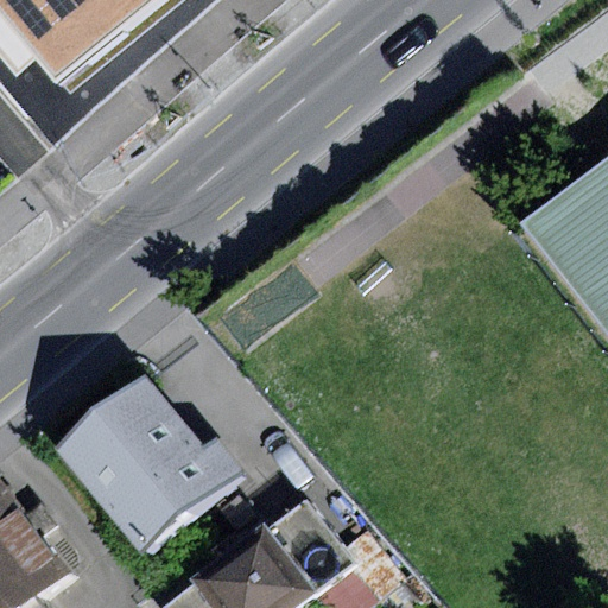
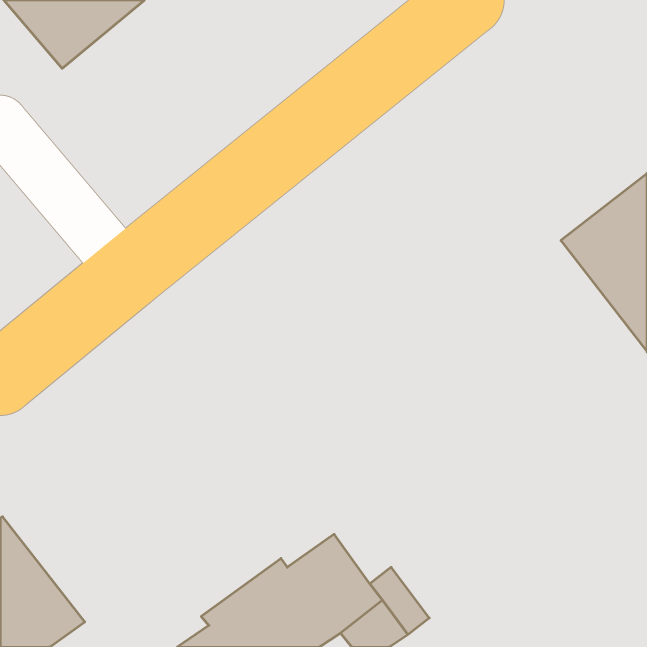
building: [51,375,246,559] -> none

